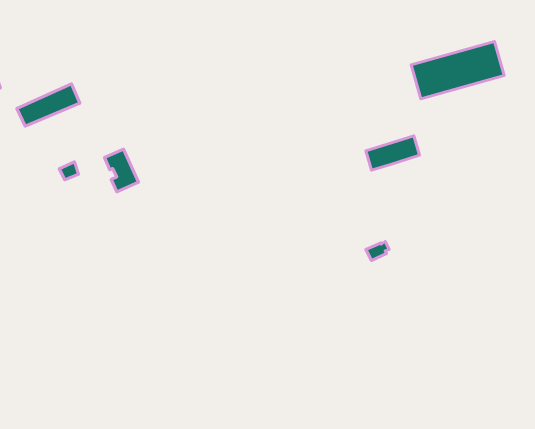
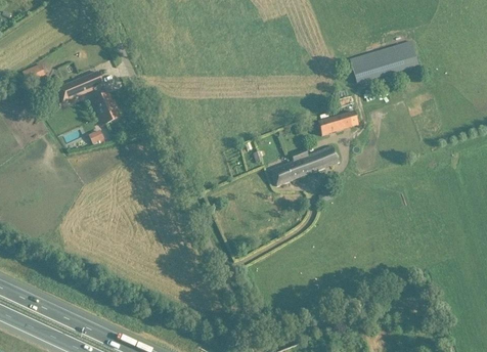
building: [104,149,139,192] -> [92,94,118,126]
building: none -> [270,146,339,187]

